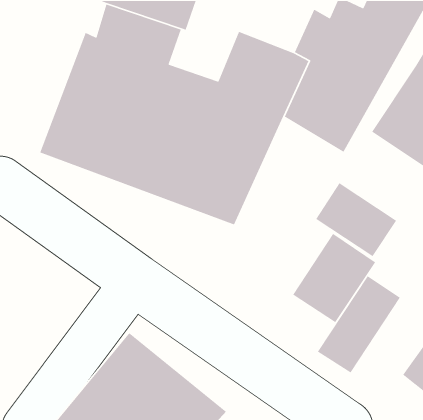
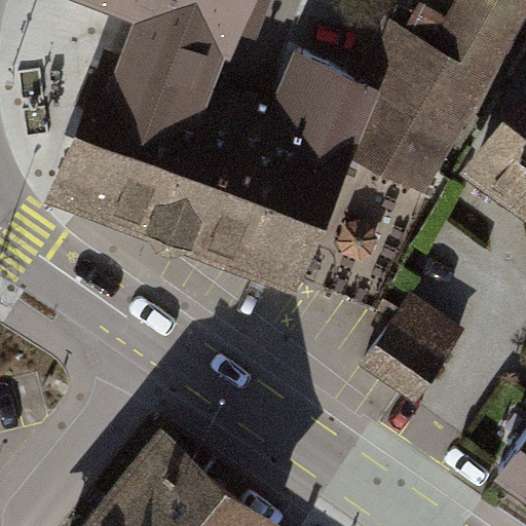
building: [315,182,397,257] -> none
building: [317,275,401,374] -> none

